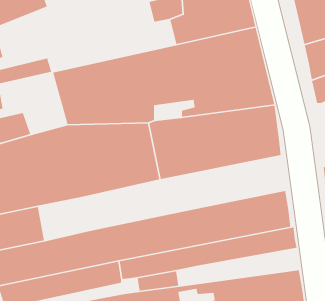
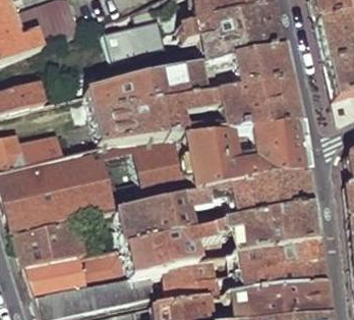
building: none -> [107,23,169,56]
building: none -> [116,168,312,241]
building: none -> [228,258,326,291]

